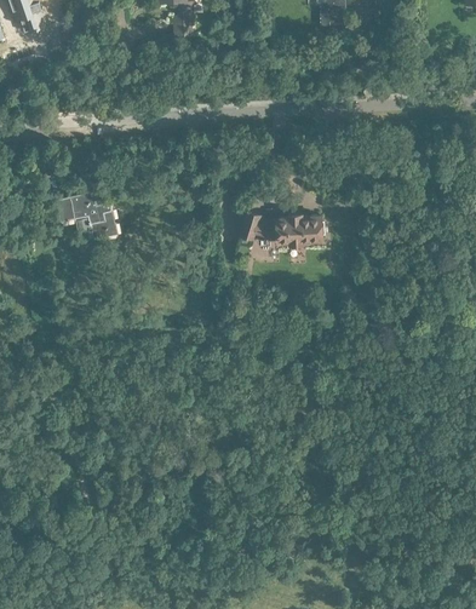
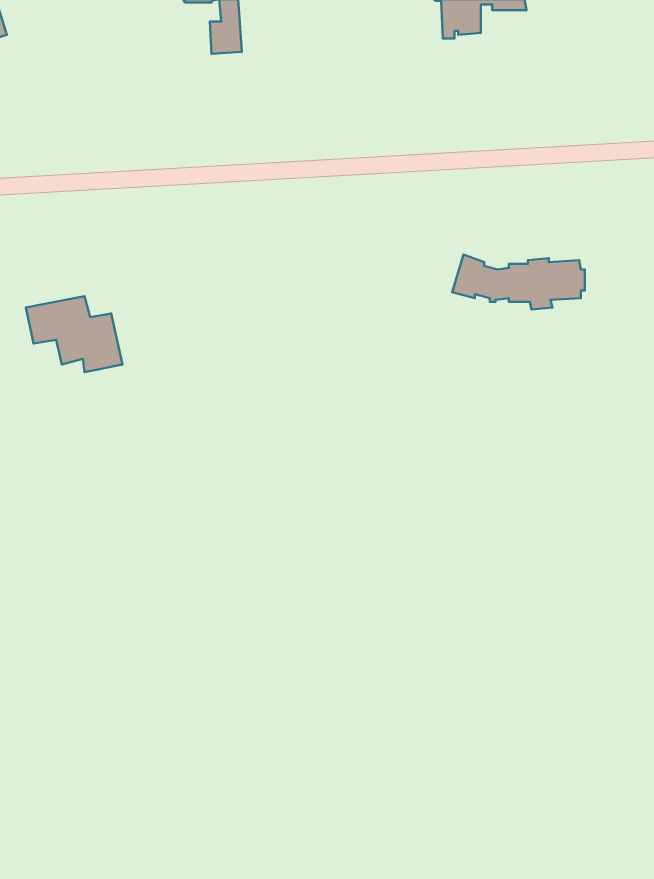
building: [237,209,322,245] -> [452,254,585,309]

